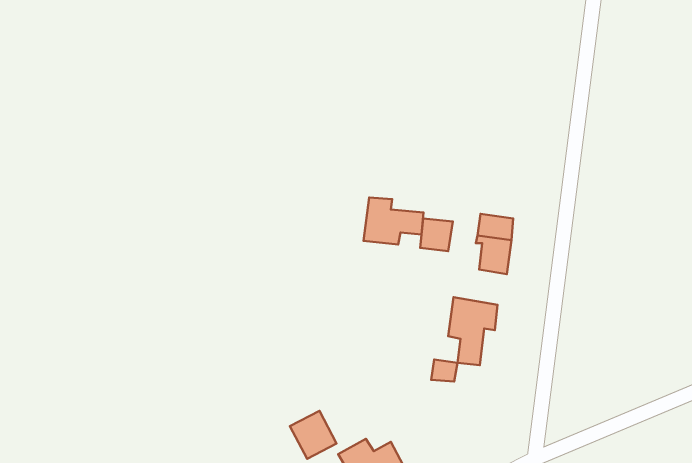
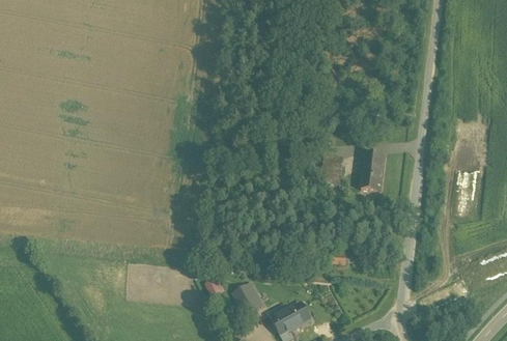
building: [363,197,423,244] -> none
building: [448,297,497,365] -> none

